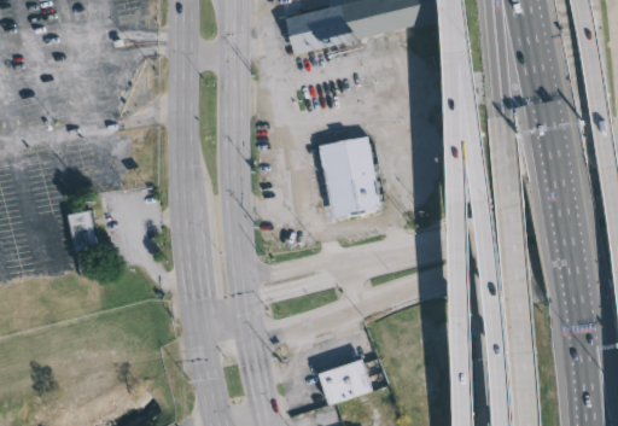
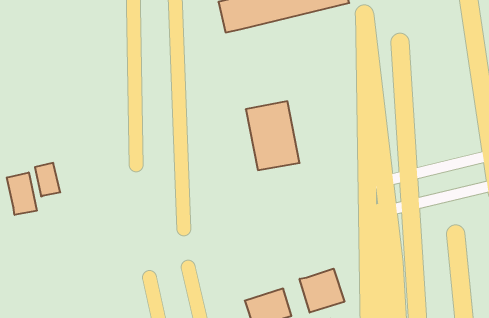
building: none -> [7,172,37,215]
building: none -> [300,269,344,313]

